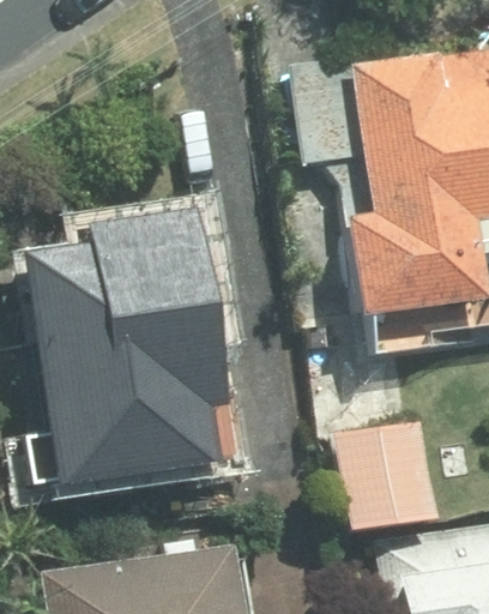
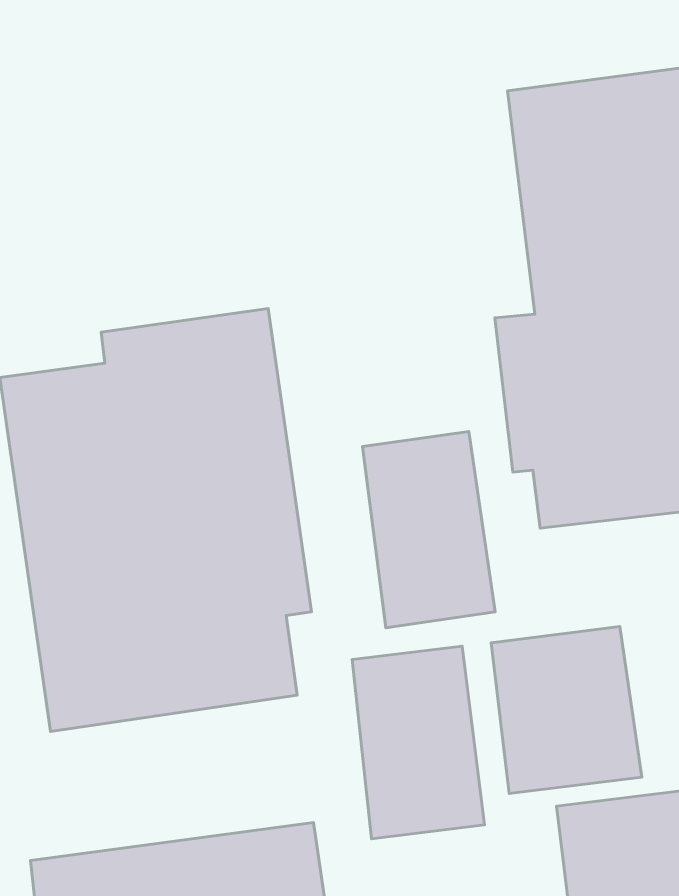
building: none -> [363,432,495,628]
building: none -> [352,646,485,839]

